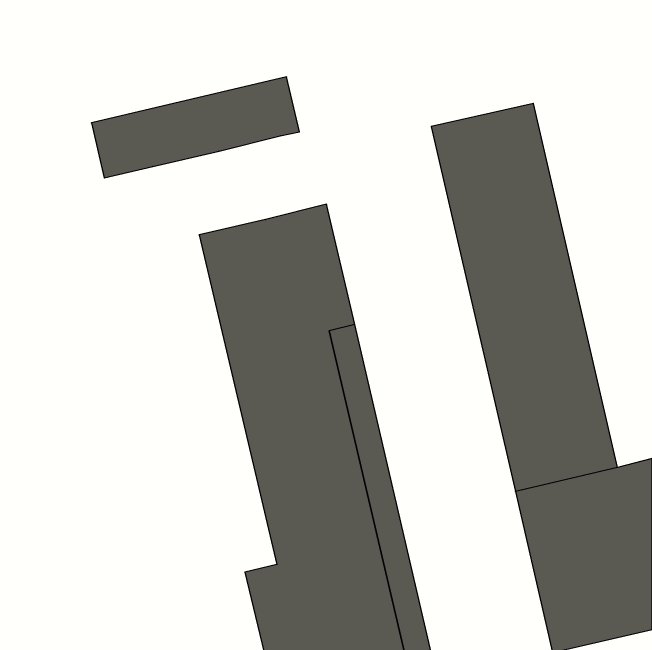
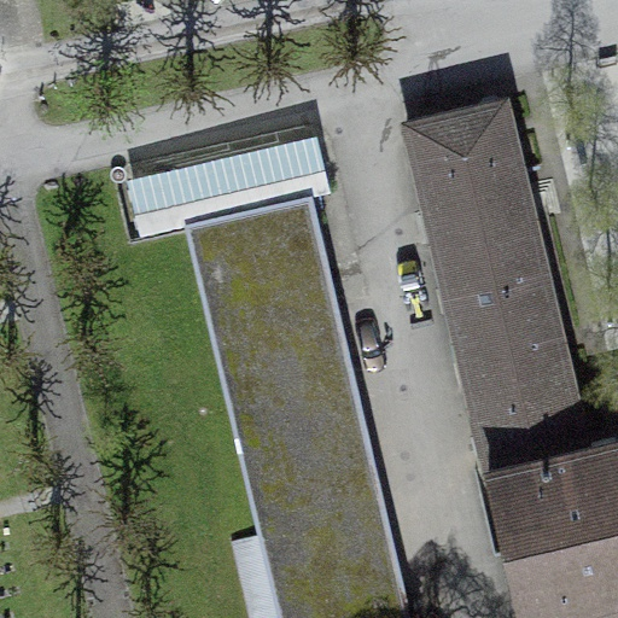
building: [91,77,299,178] -> [130,140,327,235]

